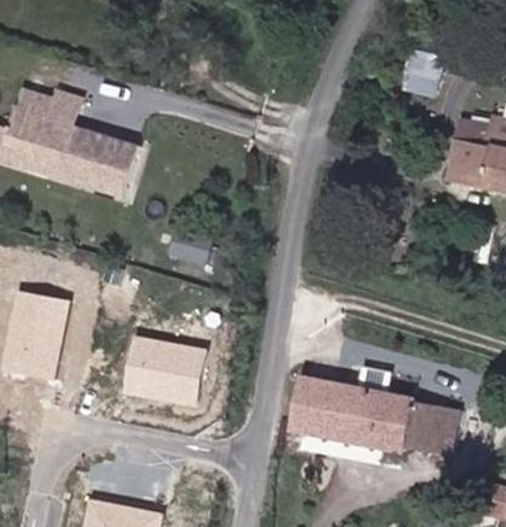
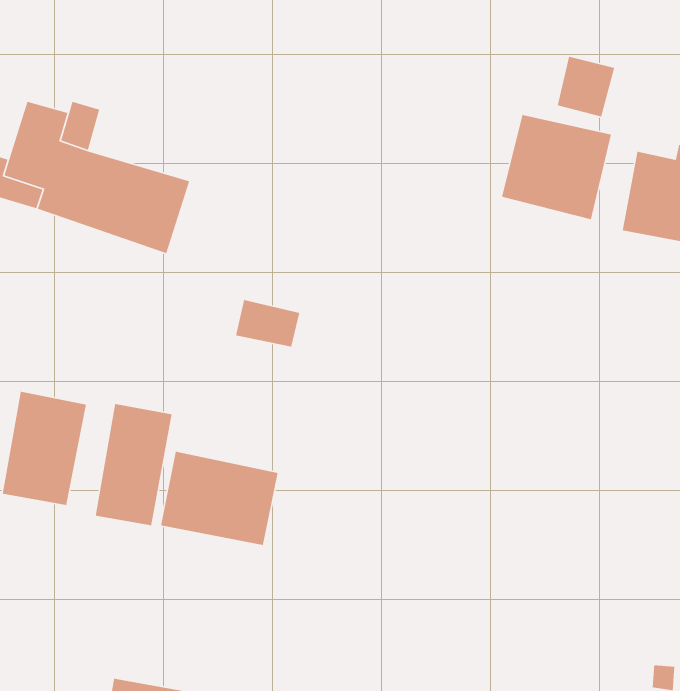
building: none -> [501,114,612,220]
building: none -> [95,403,172,526]
building: [291,376,460,455] -> none

